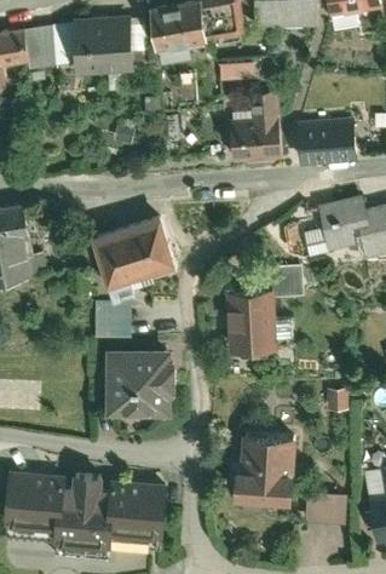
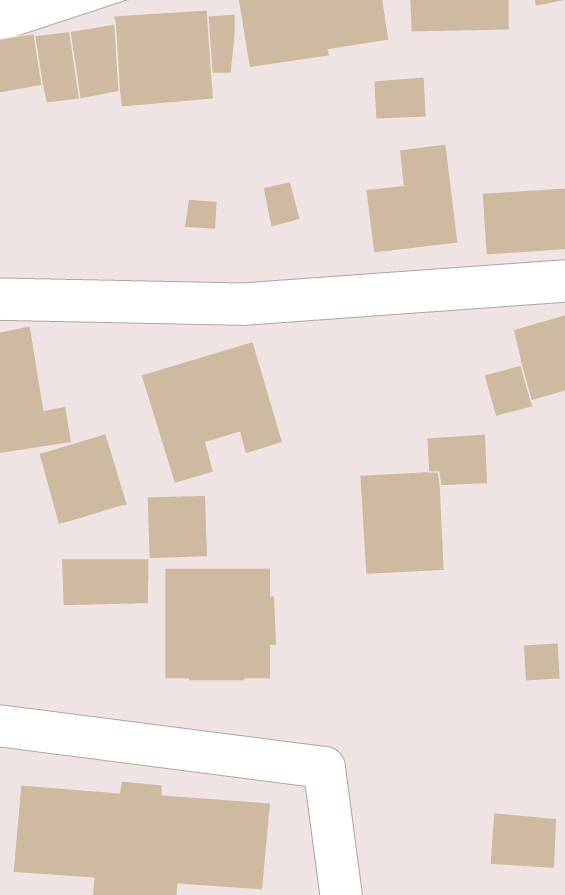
building: none -> [39,433,127,524]
building: none -> [61,558,149,606]
building: [230,441,290,517] -> none

